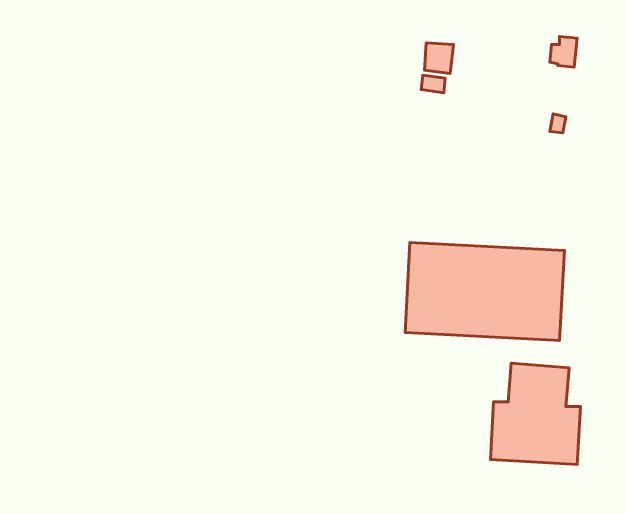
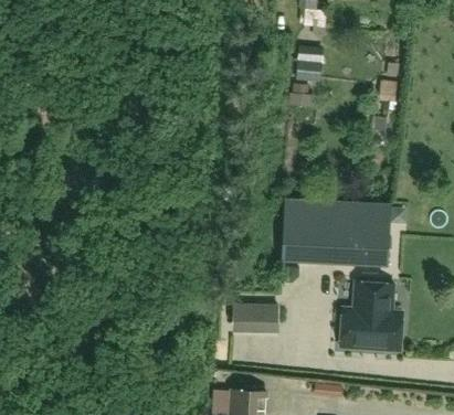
building: none -> [232,305,279,334]

